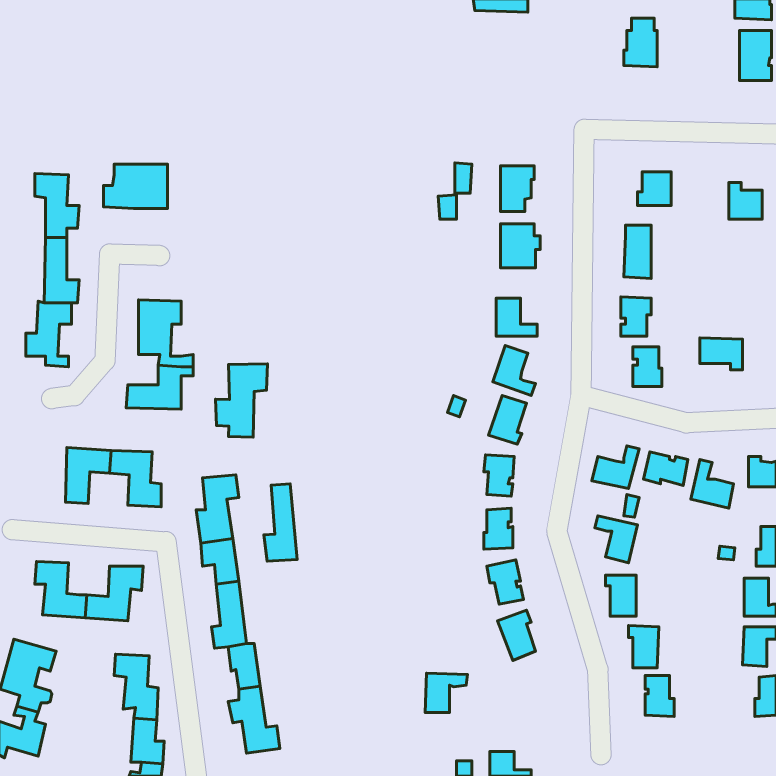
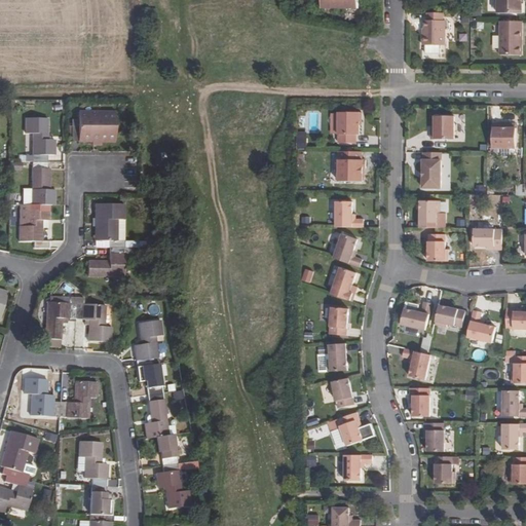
building: [215,364,267,437] -> none
building: [264,484,297,561] -> none
building: [425,673,468,713] -> [343,454,372,481]

